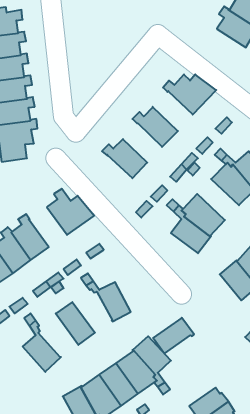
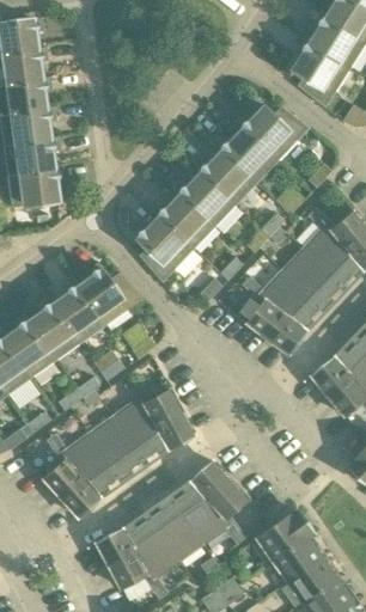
building: none -> [292,37,349,106]
building: none -> [214,128,276,183]
building: none -> [173,172,234,226]
building: none -> [132,215,194,281]
building: none -> [282,249,340,305]
building: none -> [51,279,104,342]
building: none -> [111,399,166,459]
building: none -> [63,433,120,492]
building: [153,318,194,354] -> [256,510,312,559]

